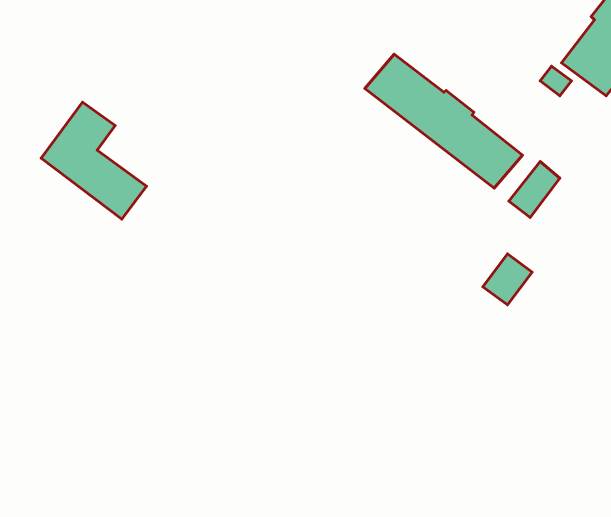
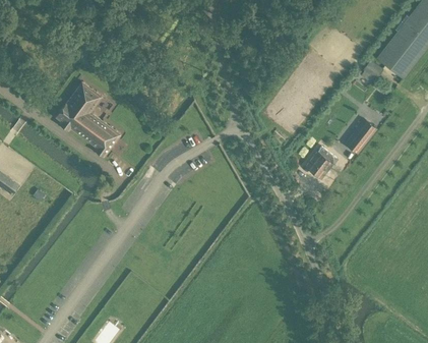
building: [365,54,522,188] -> none
building: [483,254,532,305] -> [304,147,334,178]

